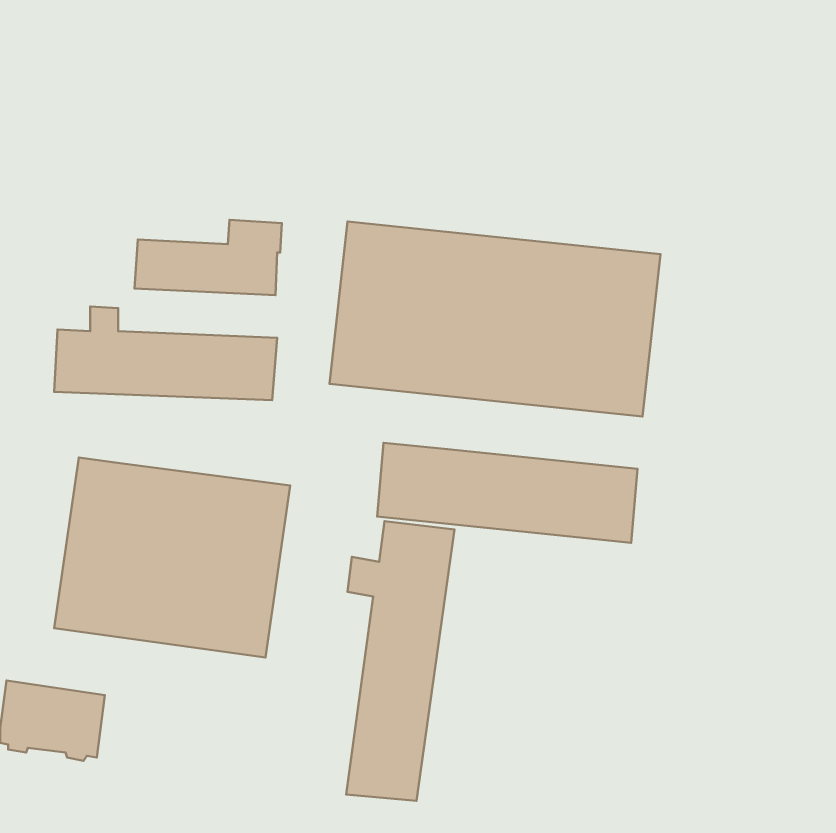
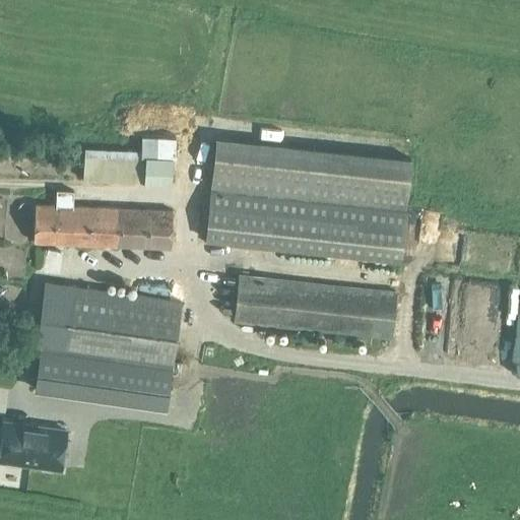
building: [346,521,454,801] -> none

